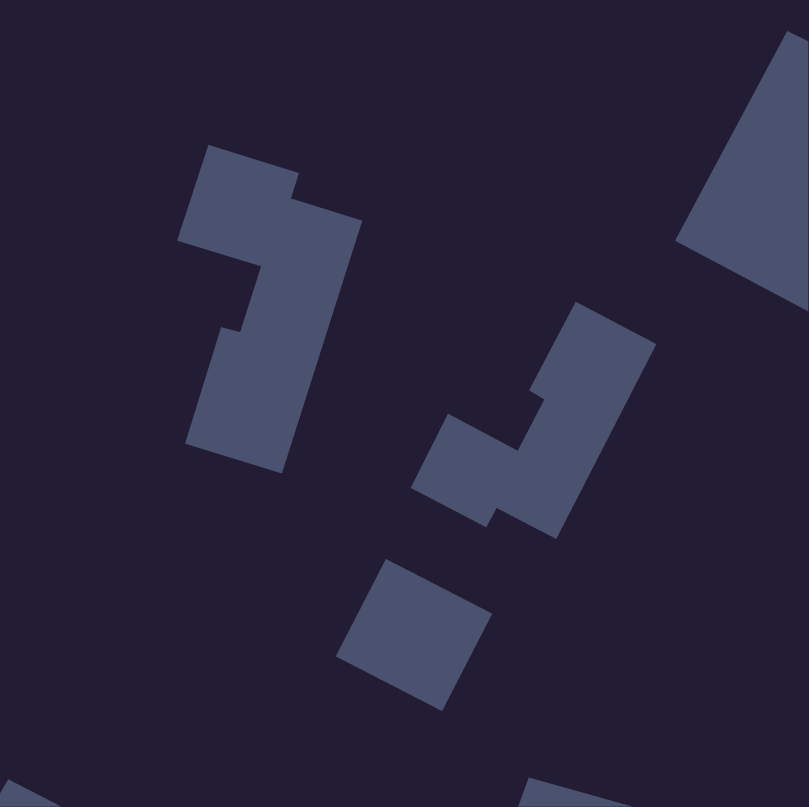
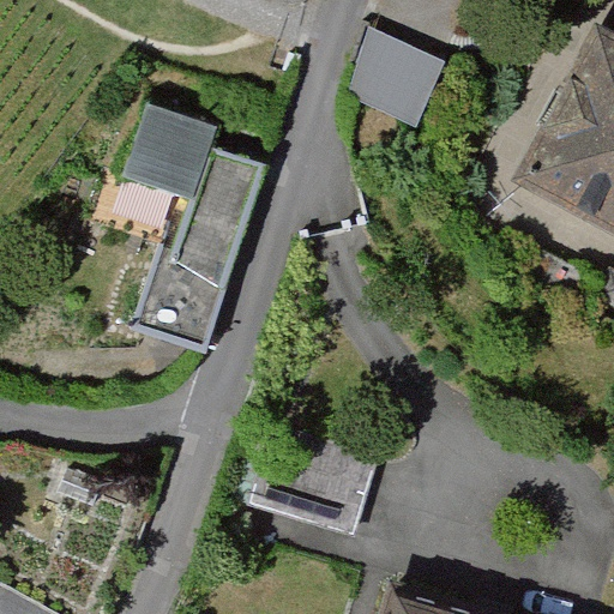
building: none -> [344,30,435,118]
building: [410,301,657,540] -> none

